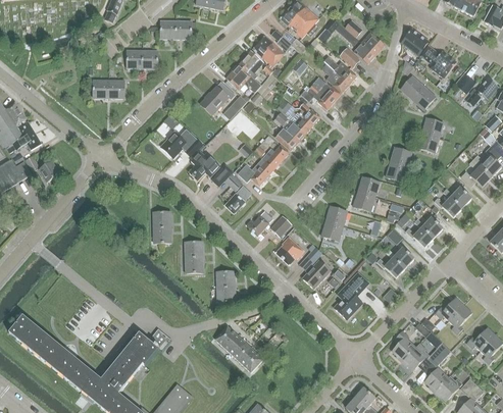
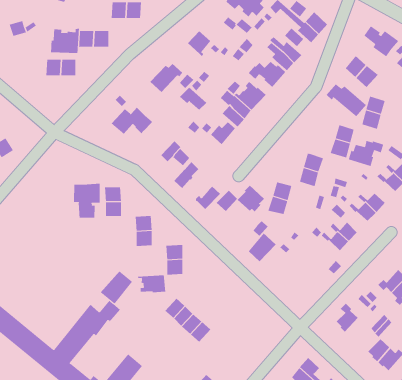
building: [401,28,429,55] -> none
building: [253,35,285,65] -> none
building: none -> [50,28,79,54]
building: [227,63,260,92] -> none
building: none -> [326,83,367,117]
building: [189,150,220,179] -> none
building: [237,157,274,185] -> none
building: none -> [348,140,384,167]
building: none -> [74,183,100,219]
building: [275,237,304,265] -> [237,185,265,213]
building: [334,271,369,318] -> none
building: none -> [100,270,133,304]
building: none -> [137,275,166,293]
building: [401,342,429,370] -> none

